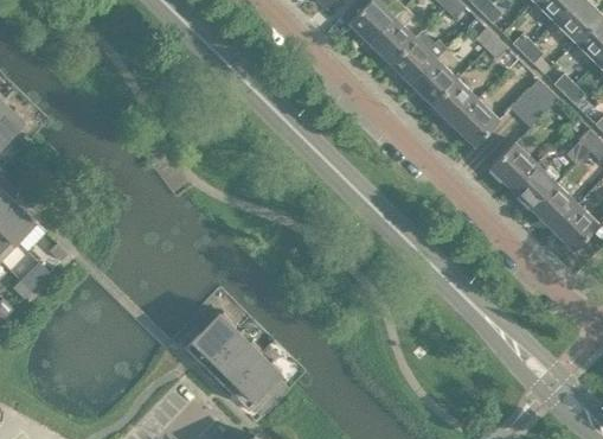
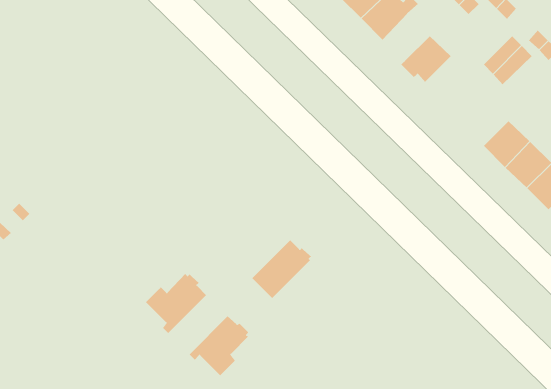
building: [411,58,457,104] -> none
building: [453,100,499,146] -> none
building: [489,142,534,187] -> none
building: [201,333,261,392] -> [251,239,312,299]

